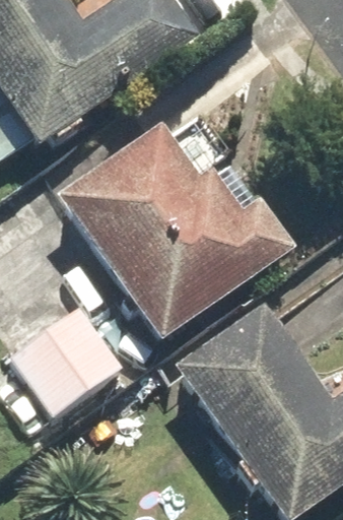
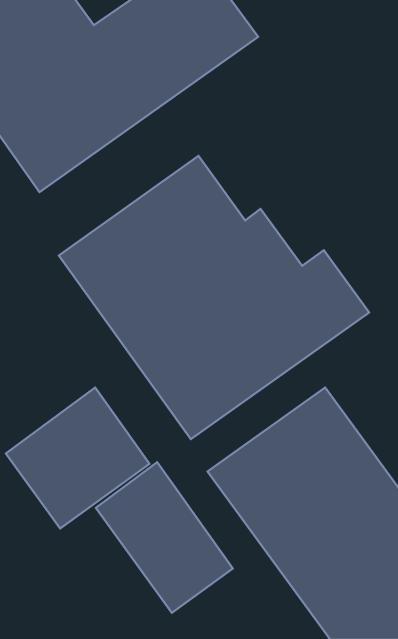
building: none -> [96,462,233,613]

